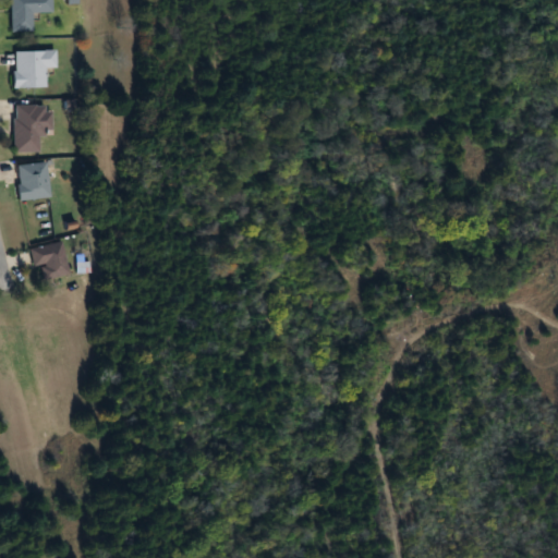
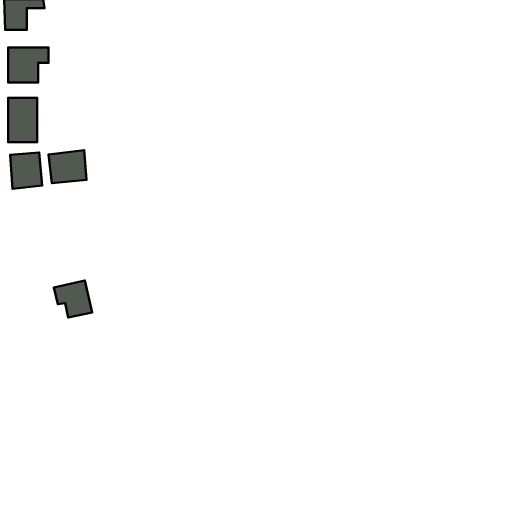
building: none -> [49,150,87,183]
building: [31,240,71,279] -> [54,280,92,318]

